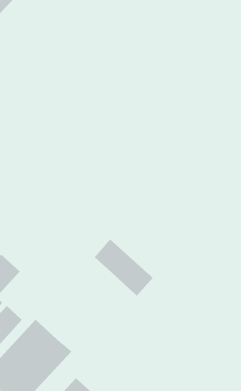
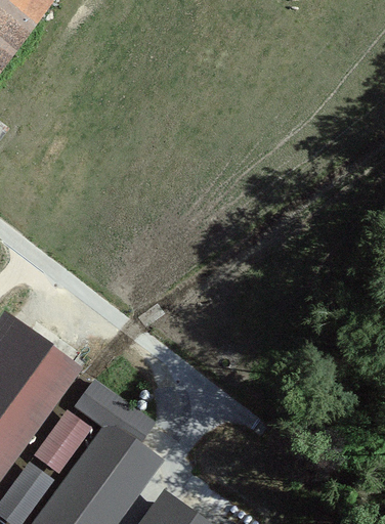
building: [94,239,154,296] -> [74,382,152,450]

